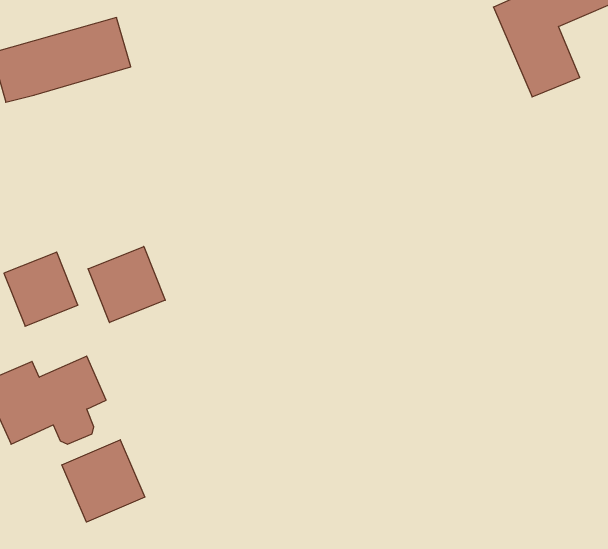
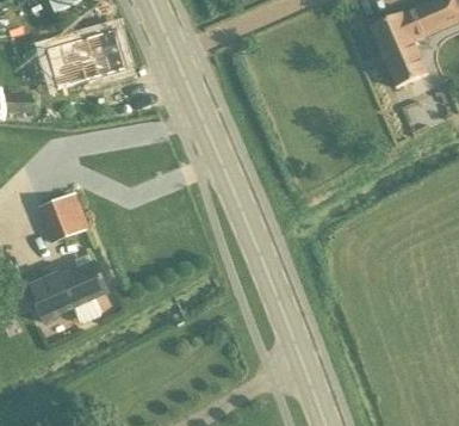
building: [88,246,165,323] -> none
building: [62,440,145,522] -> none

